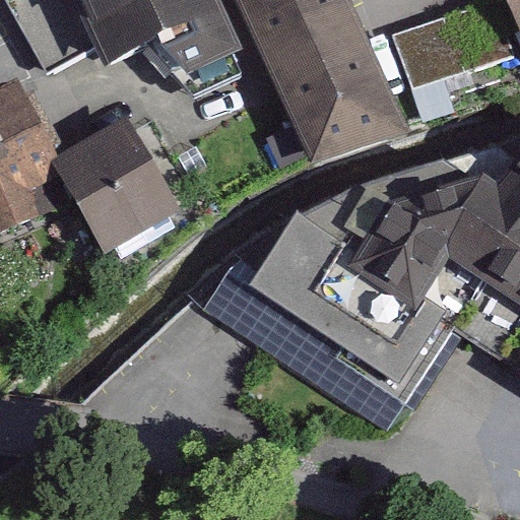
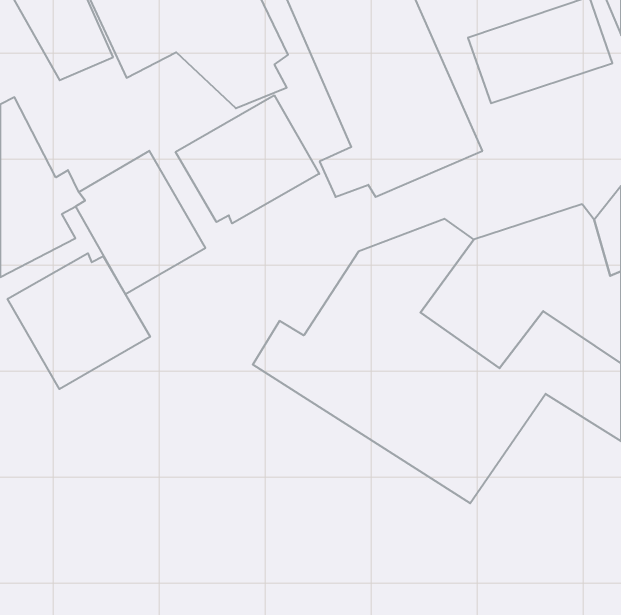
building: none -> [176,95,319,223]
building: none -> [8,253,150,389]

